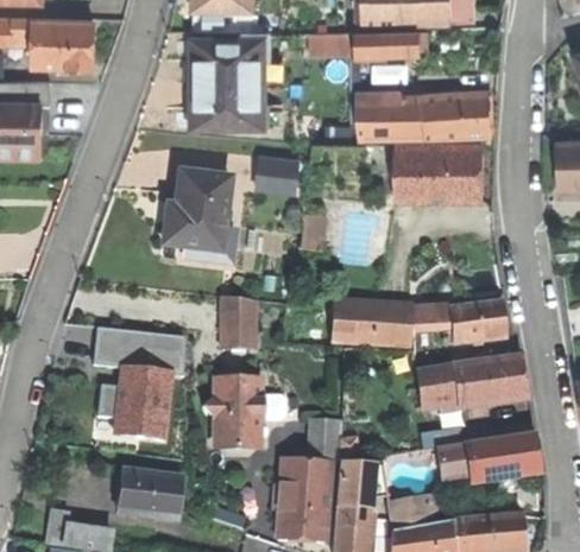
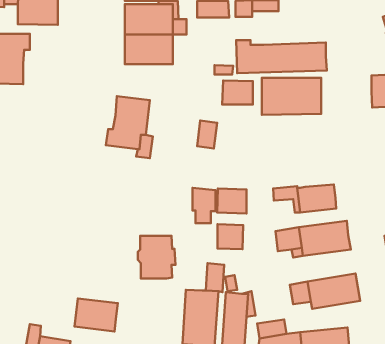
building: [253,152,298,188] -> [222,80,253,105]
building: [222,297,257,349] -> [192,188,216,223]
building: [373,310,411,347] -> [218,224,243,249]
building: [93,324,184,440] -> none

